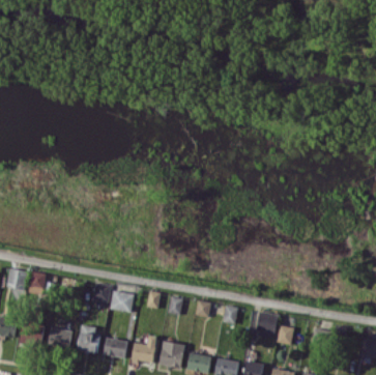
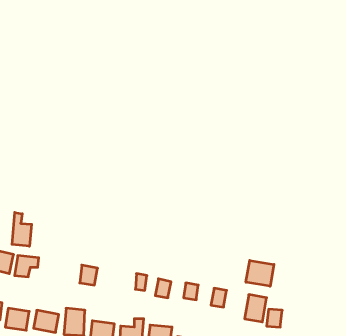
building: none -> [12,212,32,246]
building: none -> [246,260,274,286]
building: [110,291,134,313] -> none

